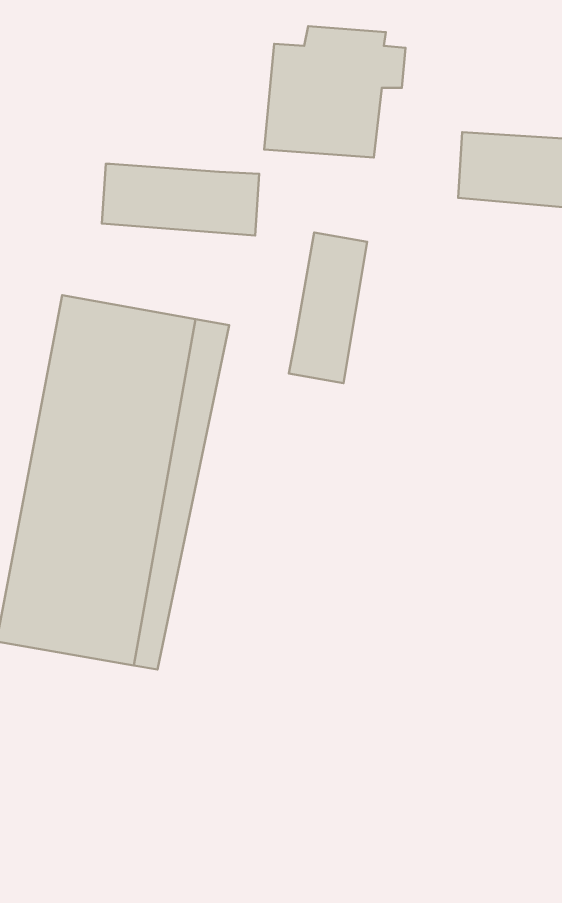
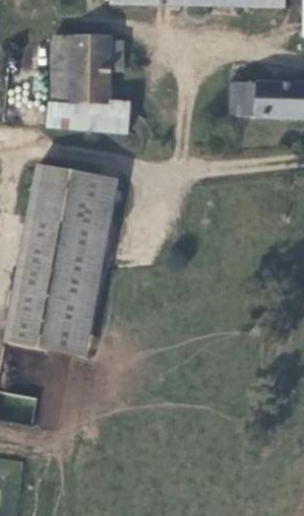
building: [264,26,406,157] -> [59,34,131,101]
building: [289,232,367,383] -> none

